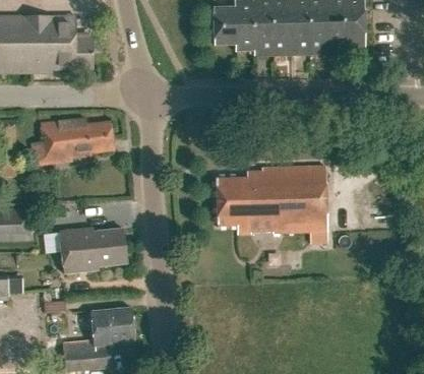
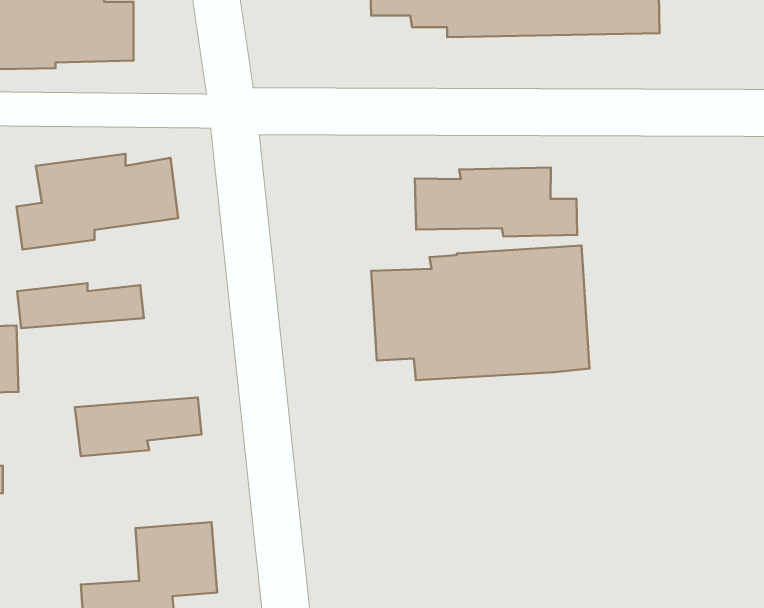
building: none -> [415,168,577,236]
building: [58,225,124,248] -> [17,283,144,328]

